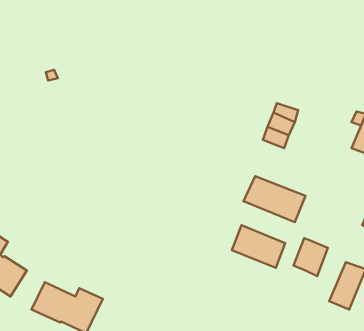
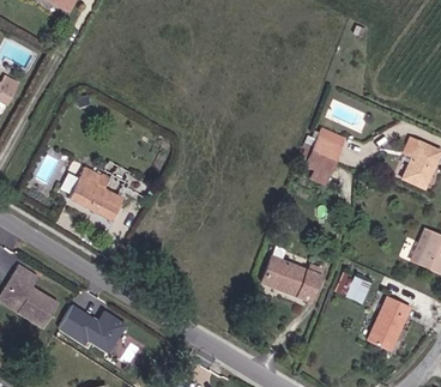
building: none -> [72,162,129,226]
building: [243,176,305,222] -> none

